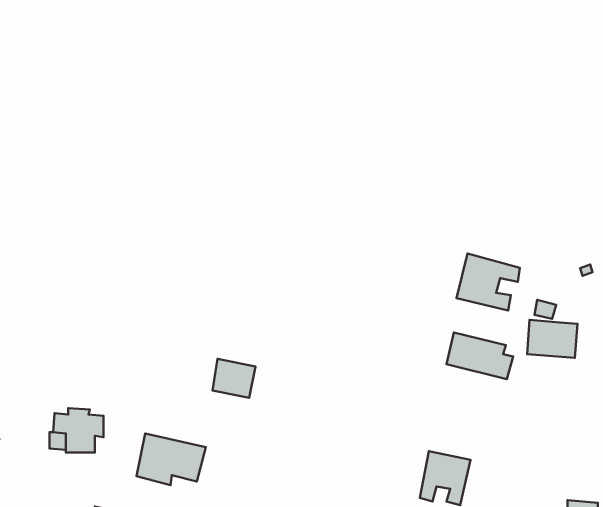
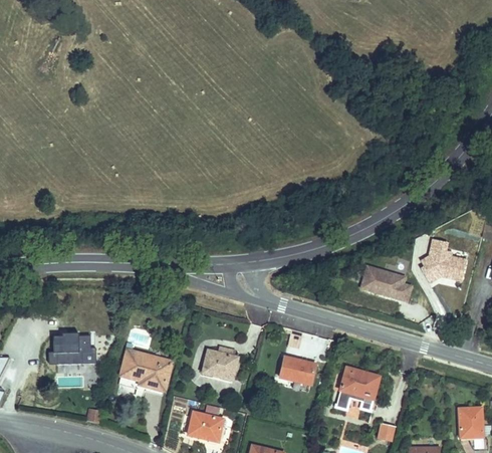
building: [456,254,520,311] -> none
building: [213,359,255,398] -> [202,346,236,377]
building: none -> [280,351,318,378]

